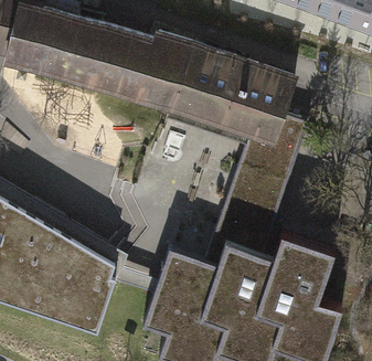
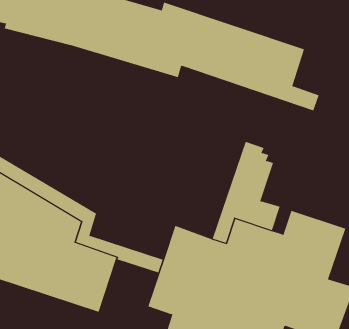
building: [173,96,304,231] -> none

